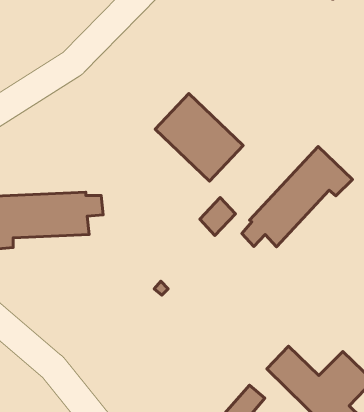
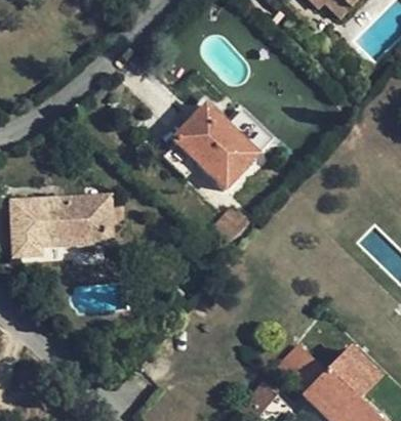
building: [242,146,352,247] -> none

